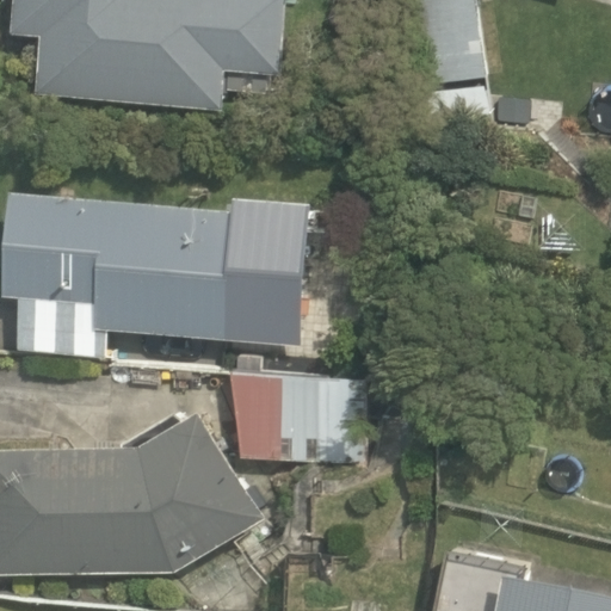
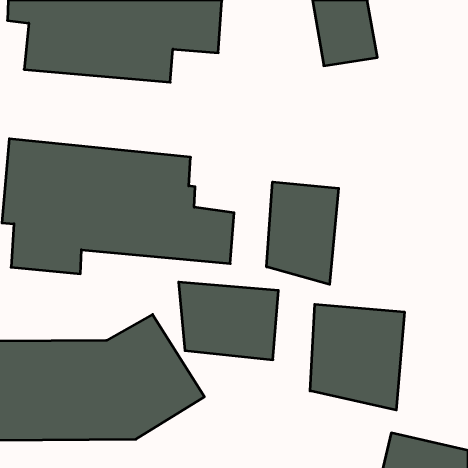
building: none -> [267,182,339,284]
building: none -> [310,304,404,410]

